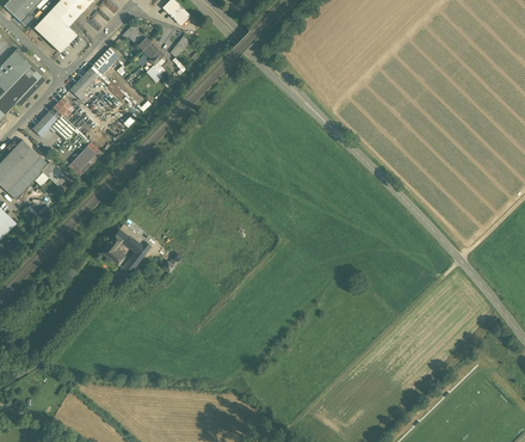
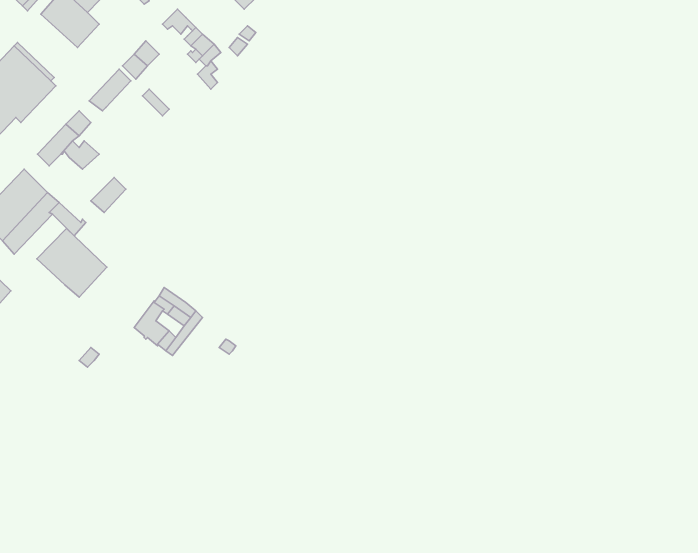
building: none -> [37,229,107,297]

